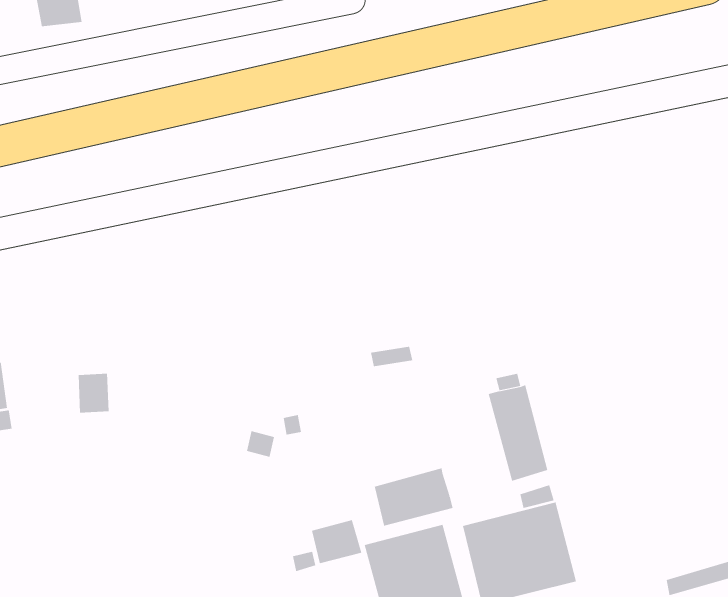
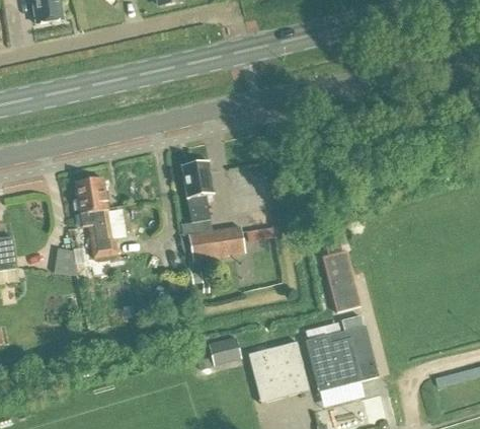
building: none -> [180,161,246,259]
building: none -> [74,177,117,258]
building: [374,467,453,526] -> none

